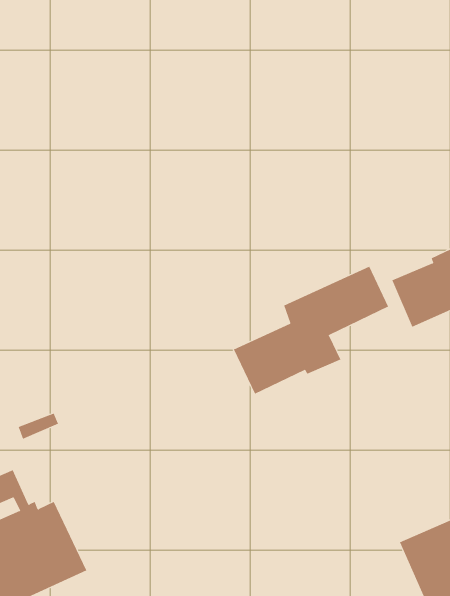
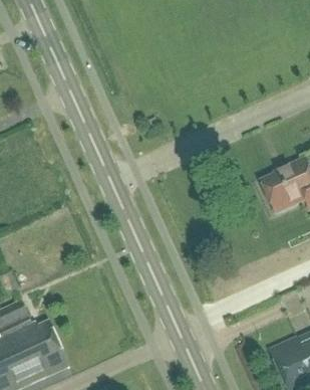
building: [233,266,389,394] -> none

